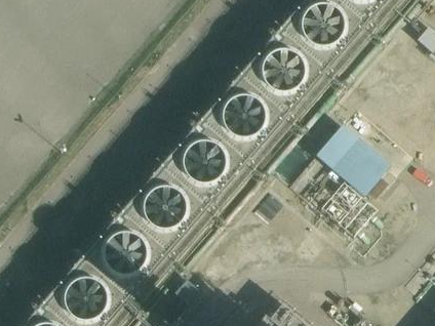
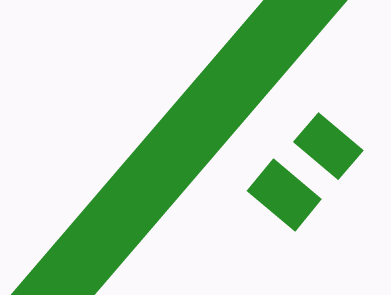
building: none -> [246,157,323,233]

